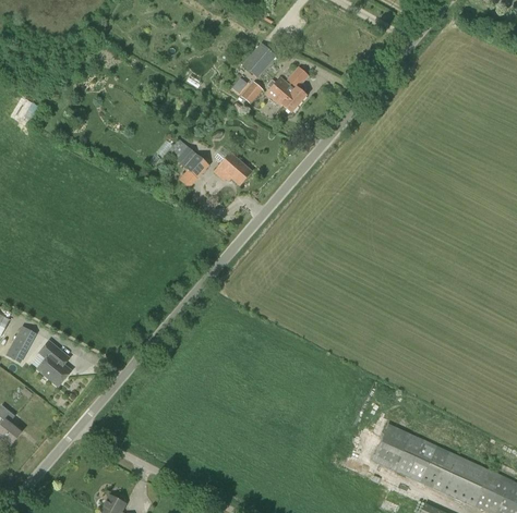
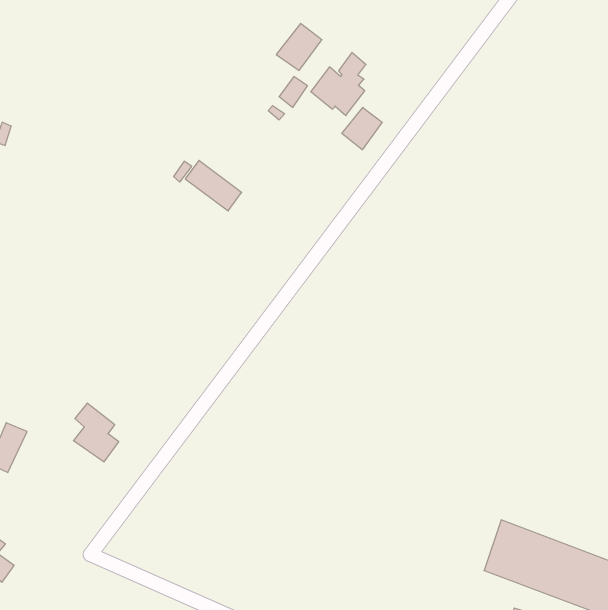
building: none -> [342,107,382,150]
building: [217,152,252,186] -> none
building: [36,341,70,386] -> [73,403,119,462]

